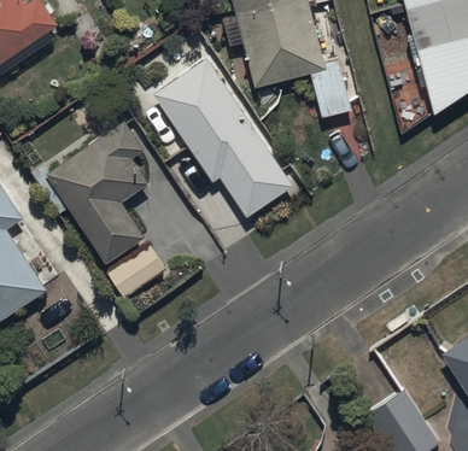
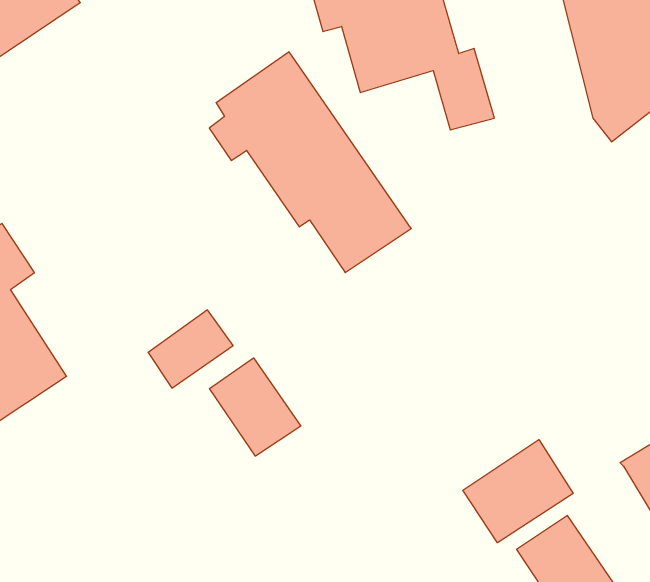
building: [46,121,147,263] -> none
building: none -> [209,358,301,456]
building: none -> [463,440,573,543]

